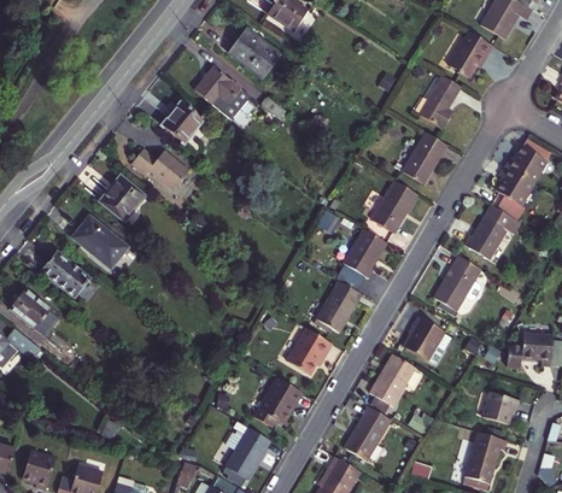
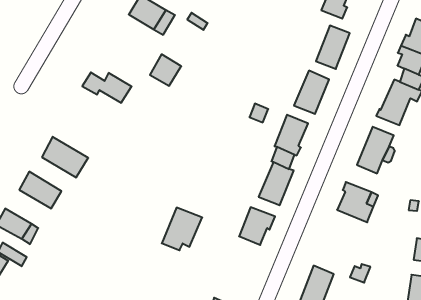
building: [163,102,200,140] -> [150,54,181,86]
building: [101,178,142,218] -> none
building: [369,353,416,407] -> none
building: [252,377,303,427] -> [162,208,202,250]

